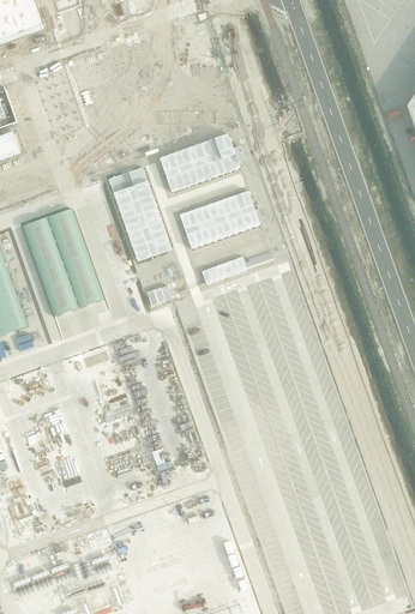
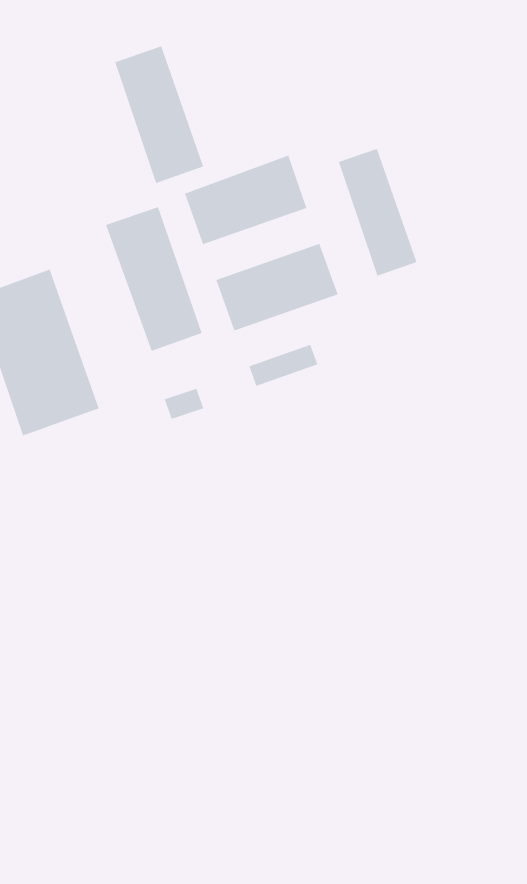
building: none -> [115,46,204,184]
building: none -> [338,148,417,277]

